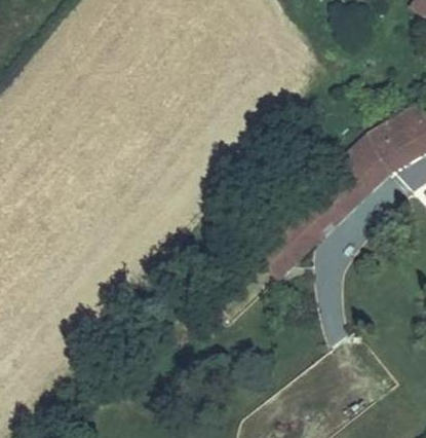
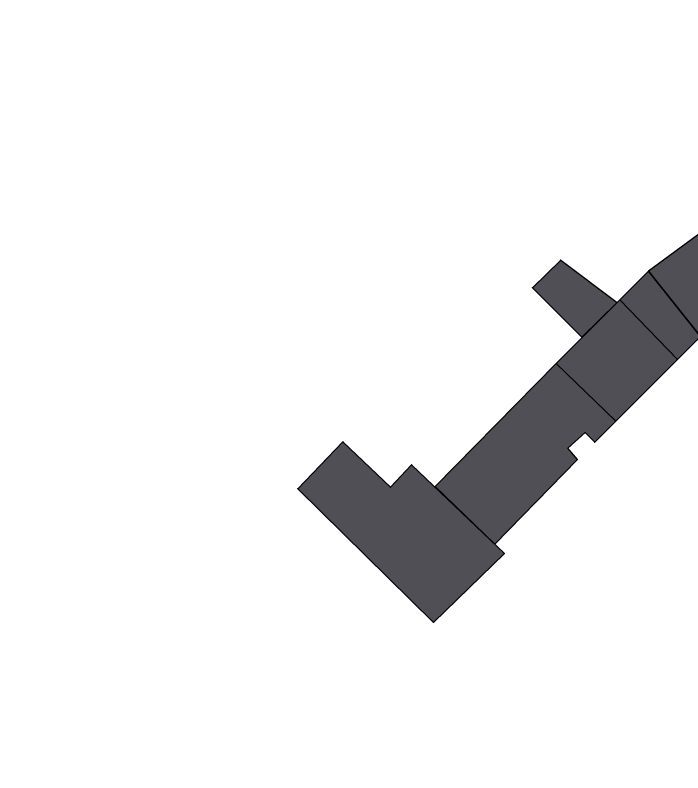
building: none -> [532,260,617,337]
building: none -> [298,442,504,622]

